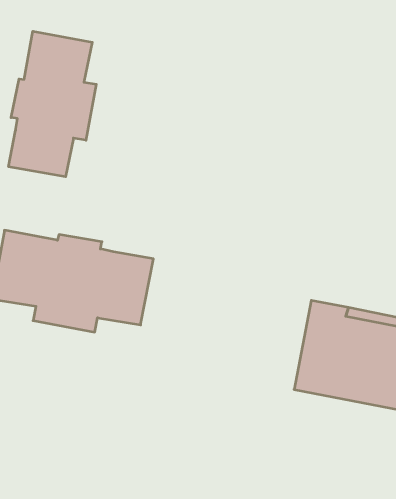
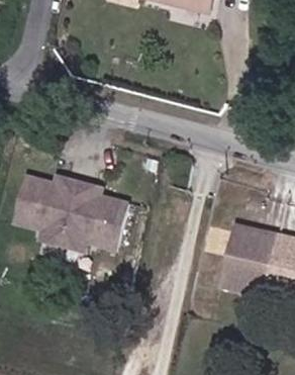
building: [9,31,96,177] -> none

